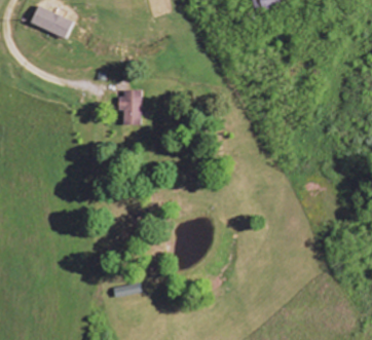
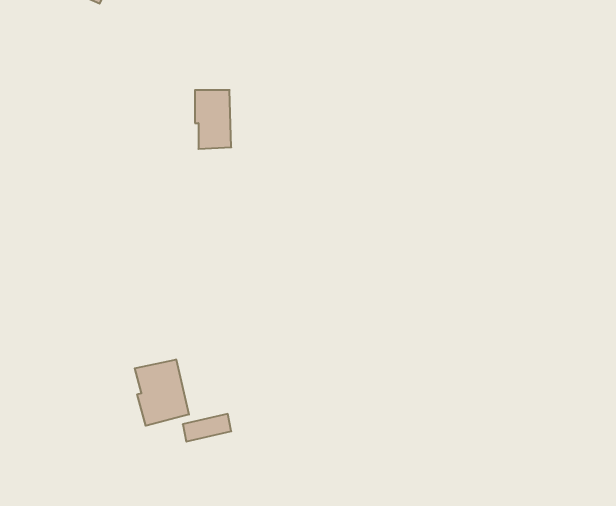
building: none -> [135,359,189,426]

